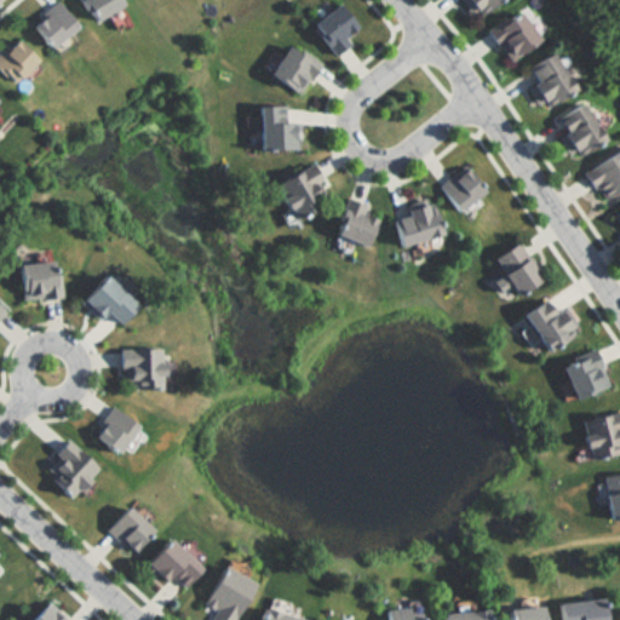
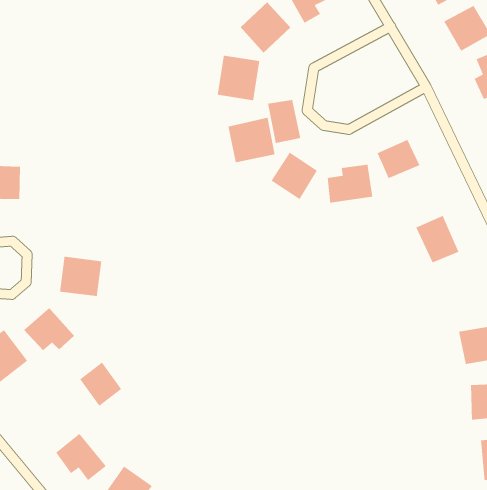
building: none -> [267,99,301,144]
building: [79,275,138,326] -> none
building: [527,298,574,352] -> none
building: [107,506,155,556] -> [79,361,122,407]

